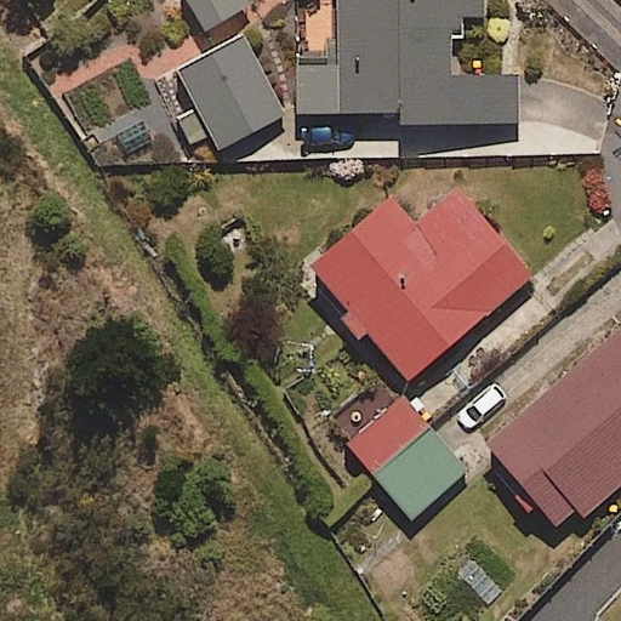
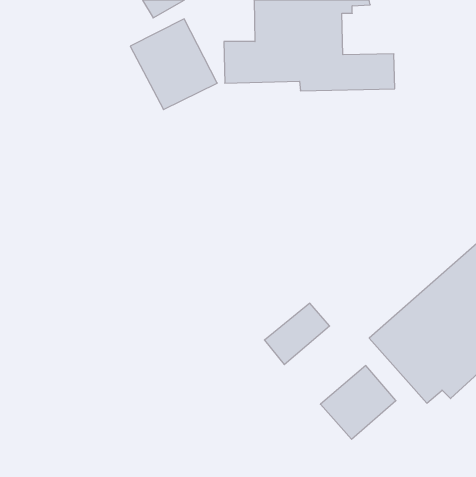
building: [307,188,531,382] -> none
building: [374,426,471,520] -> [320,366,396,439]

